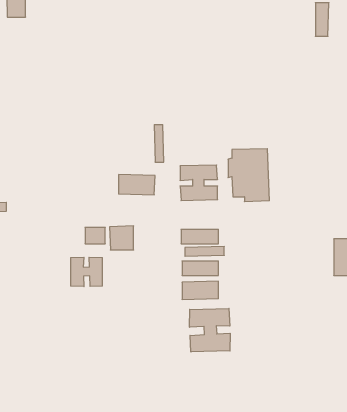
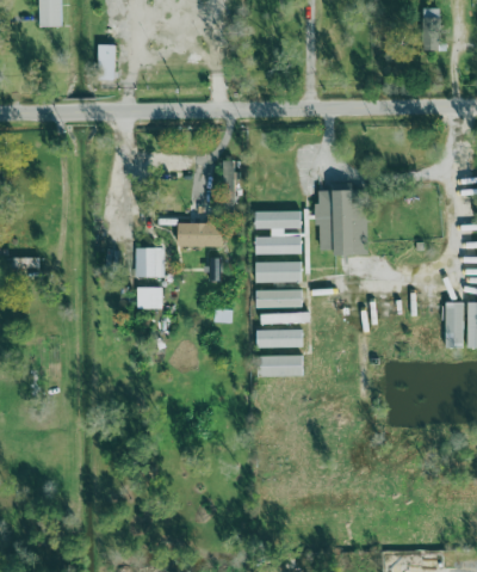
building: none -> [97,44,114,80]
building: none -> [255,262,301,282]
building: [110,226,134,250] -> [134,247,163,277]
building: [71,257,102,287] -> none
building: [190,308,230,352] -> none

